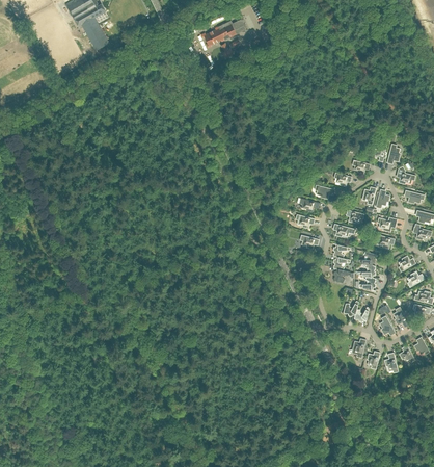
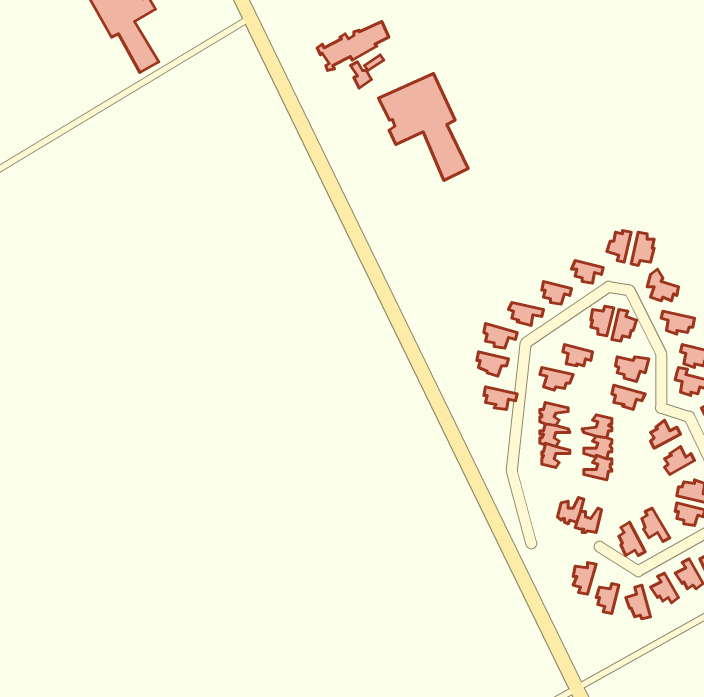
building: none -> [379,73,468,180]

